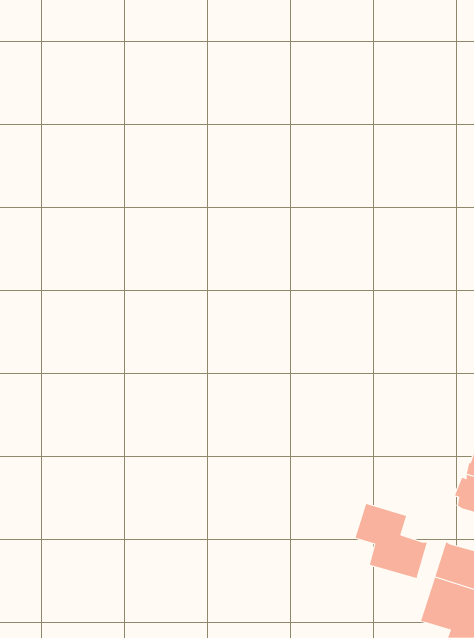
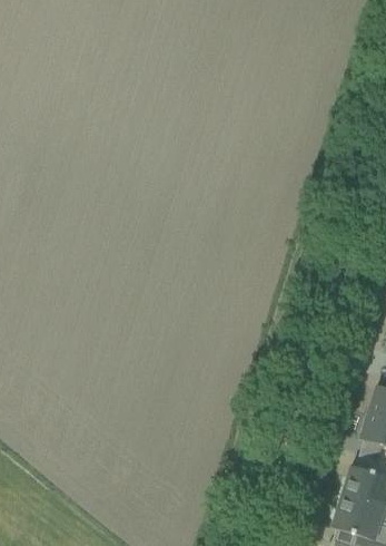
building: [355,503,428,579] -> none

